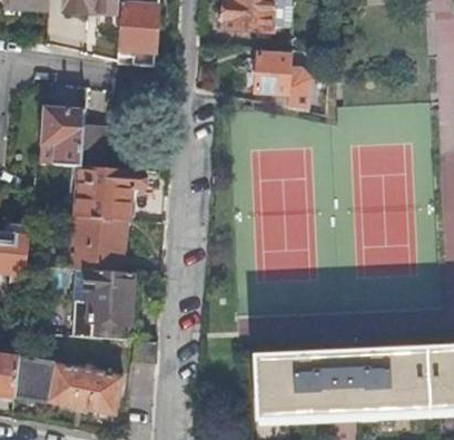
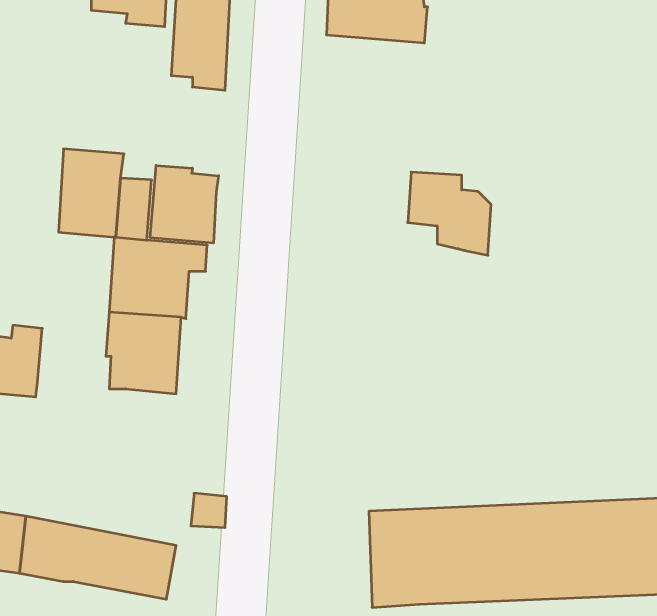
building: [255,53,312,110] -> [408,172,491,255]
building: none -> [150,165,219,243]
building: [72,270,132,341] -> none

